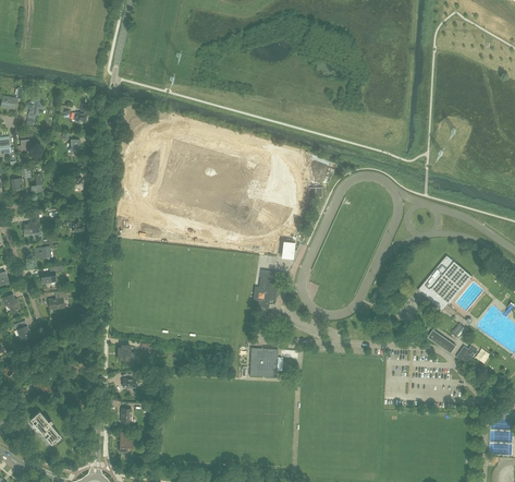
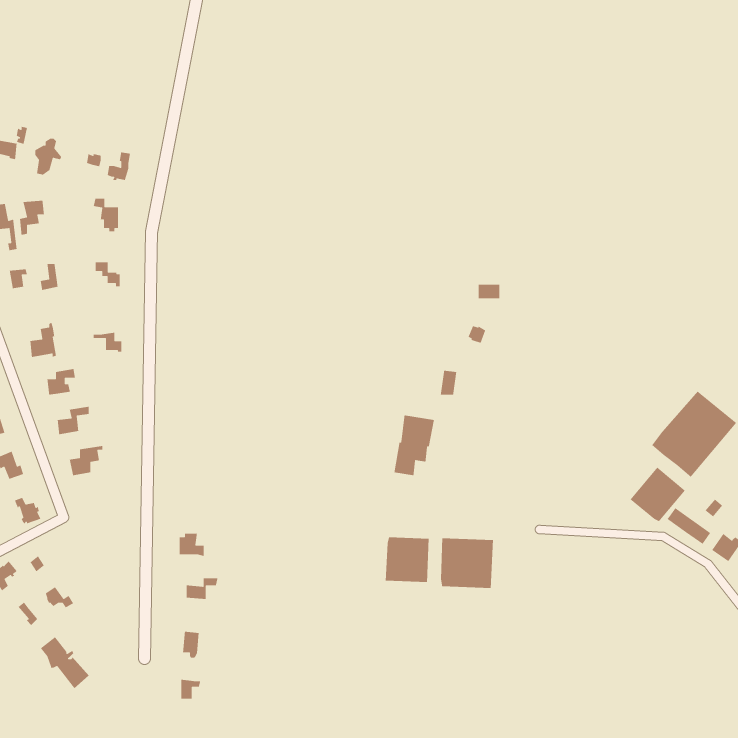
building: none -> [629,466,686,522]
building: none -> [440,537,494,589]

